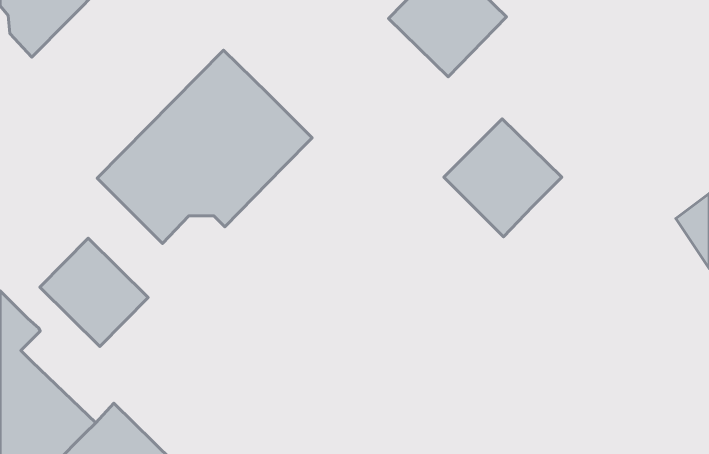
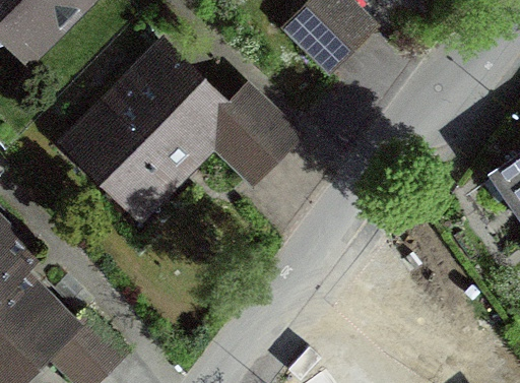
building: [444,119,562,237] -> [207,95,294,182]
building: [40,238,148,346] -> none

